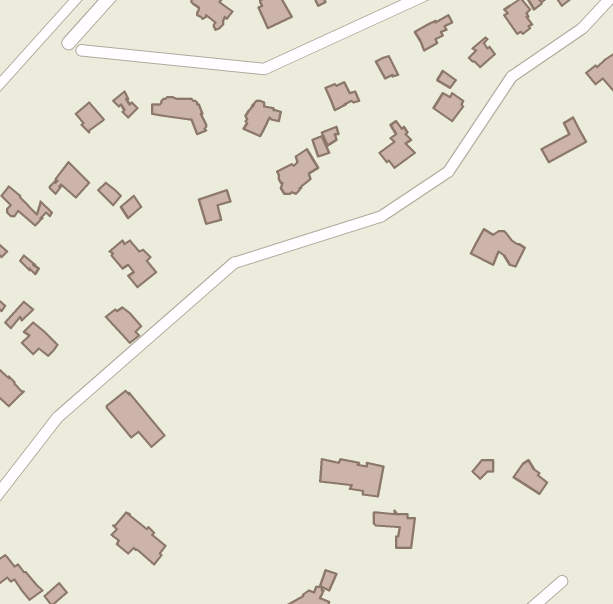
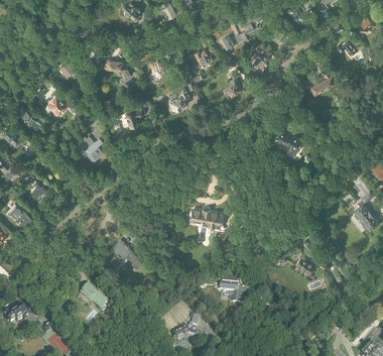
building: [107,391,165,447] -> [110,239,141,269]
building: [320,459,383,496] -> [189,209,224,229]

